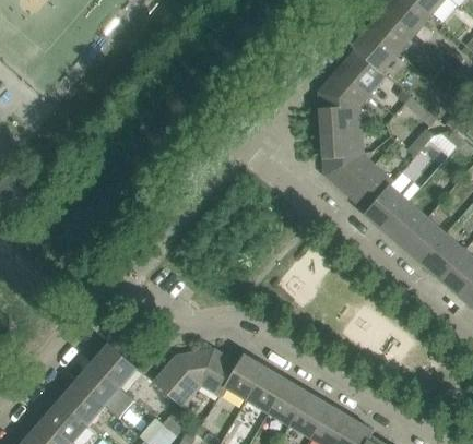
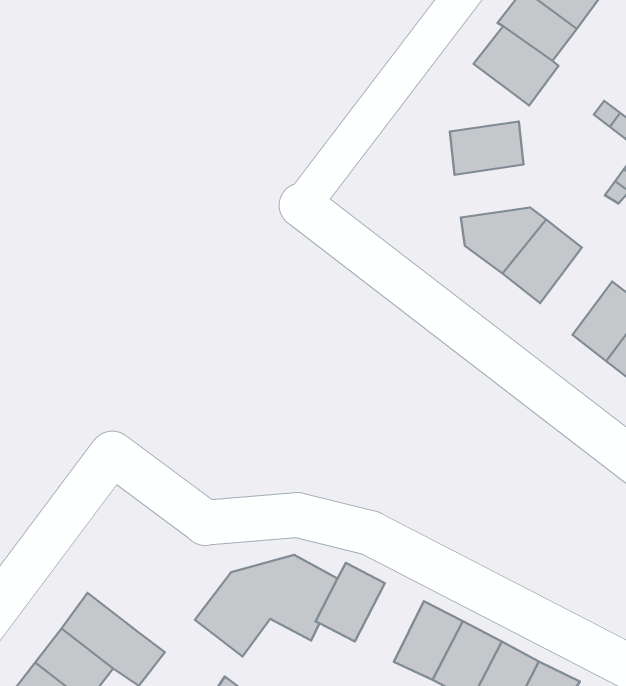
building: [318,70,366,108] -> none
building: [320,130,363,158] -> none
building: [363,180,407,230] -> none
building: [92,343,137,386] -> none
building: [245,367,286,412] -> none

